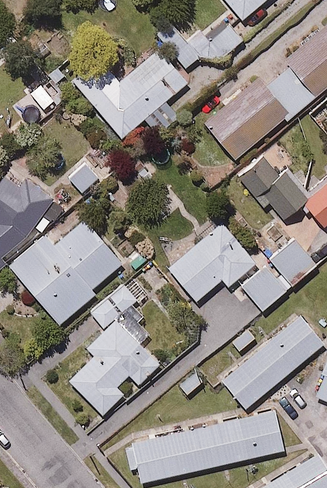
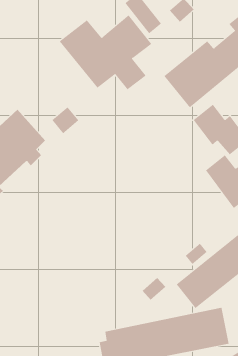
building: [8,219,121,326] -> none
building: [162,221,286,312] -> none
building: [70,285,160,414] -> none

